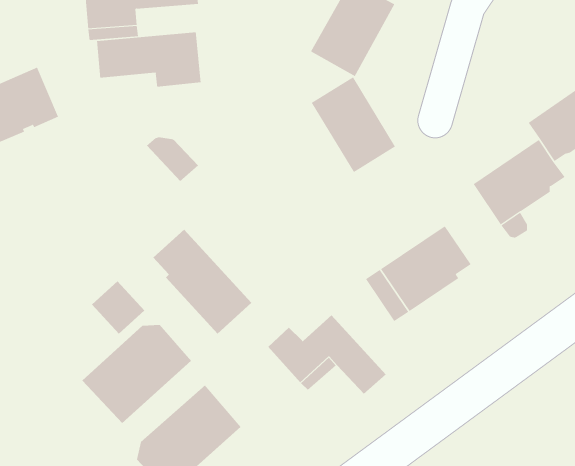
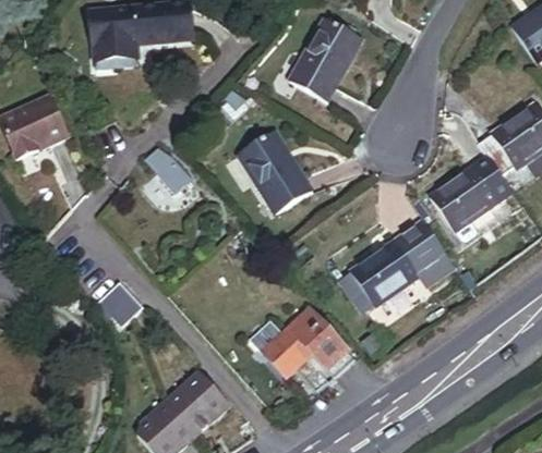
building: [96,32,201,87] -> none
building: [311,77,396,173] -> [239,128,313,212]
building: none -> [407,220,456,289]
building: [152,229,252,335] -> none
building: [82,324,192,424] -> none

